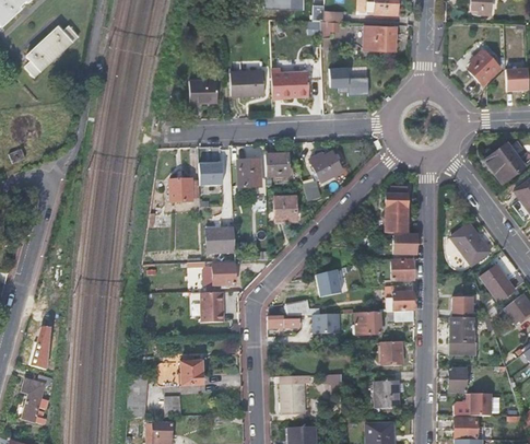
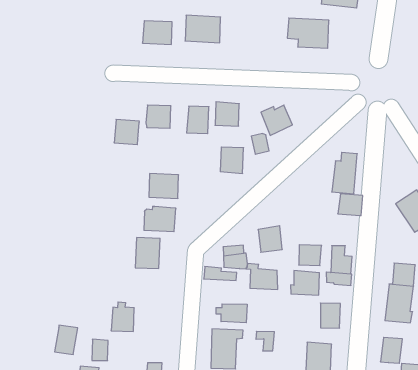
building: [271,68,309,98] -> none
building: [391,259,413,280] -> [299,245,322,266]
building: none -> [216,304,247,323]

